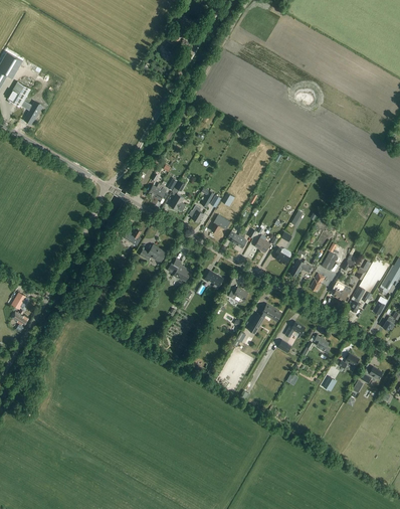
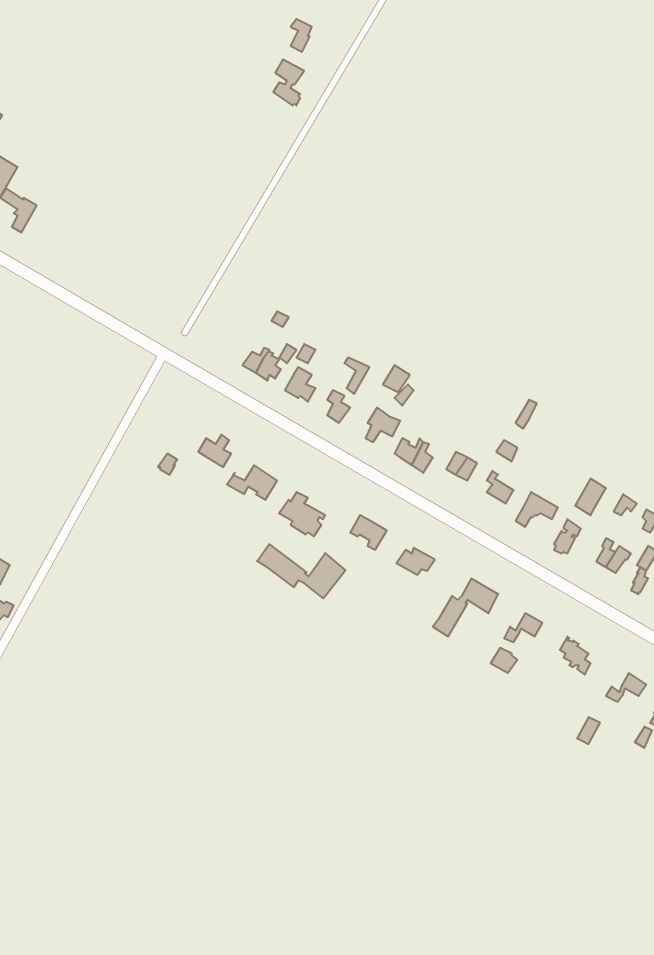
building: none -> [257,544,345,598]

